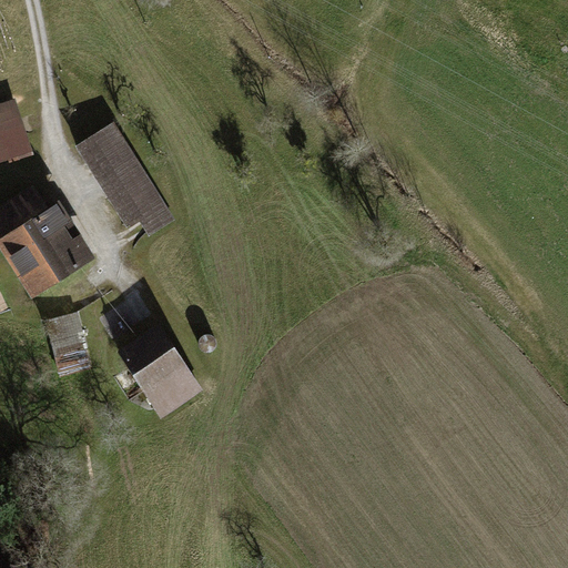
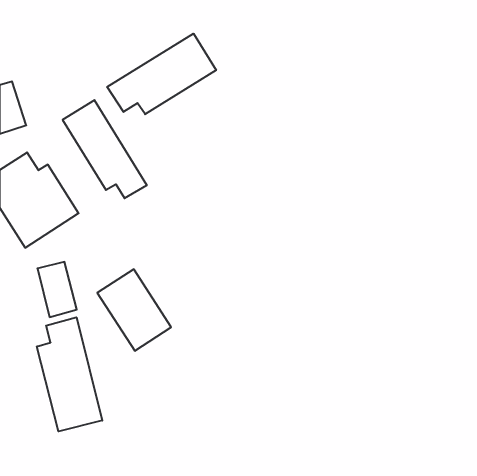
building: none -> [107,34,216,114]
building: none -> [37,317,102,431]

